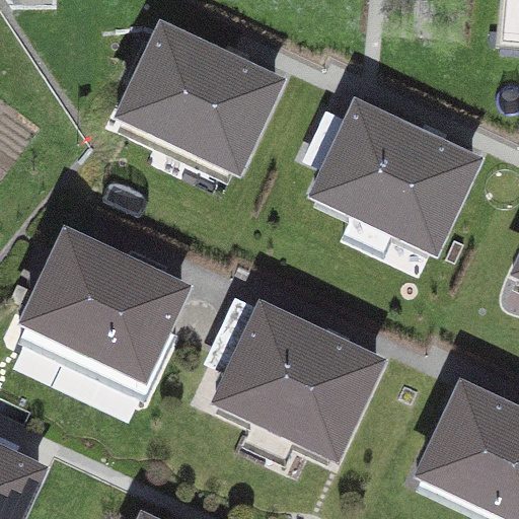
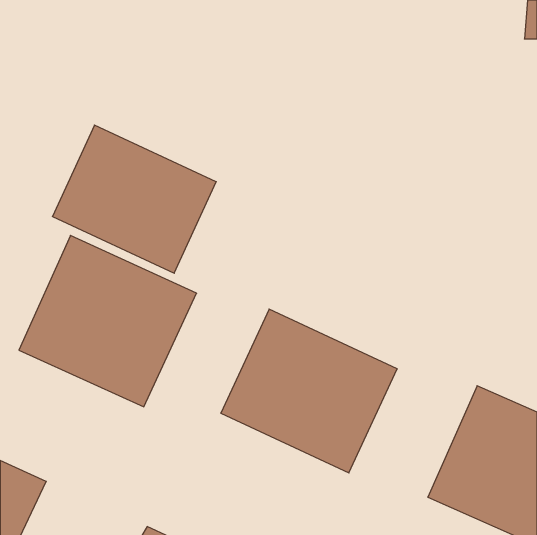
building: [121,27,279,170] -> [52,125,216,273]
building: [316,106,475,248] -> none

